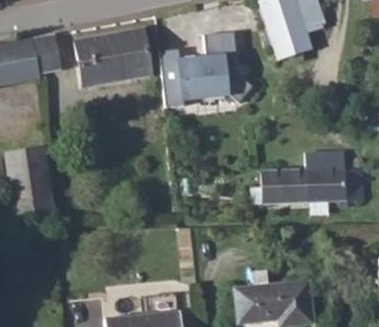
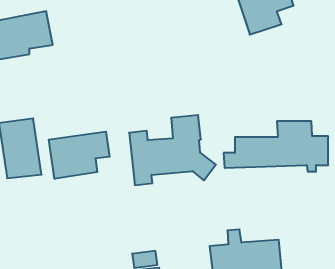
building: [74,28,151,87] -> none
building: [159,31,253,107] -> [129,115,216,185]
building: none -> [49,132,110,179]

